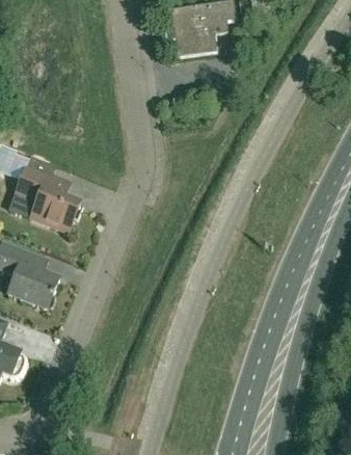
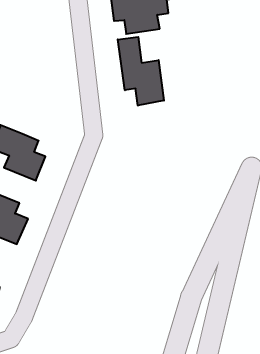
building: none -> [118,37,164,106]

